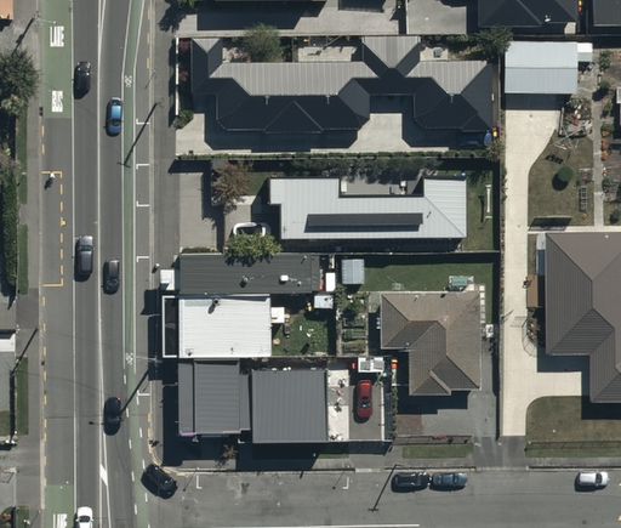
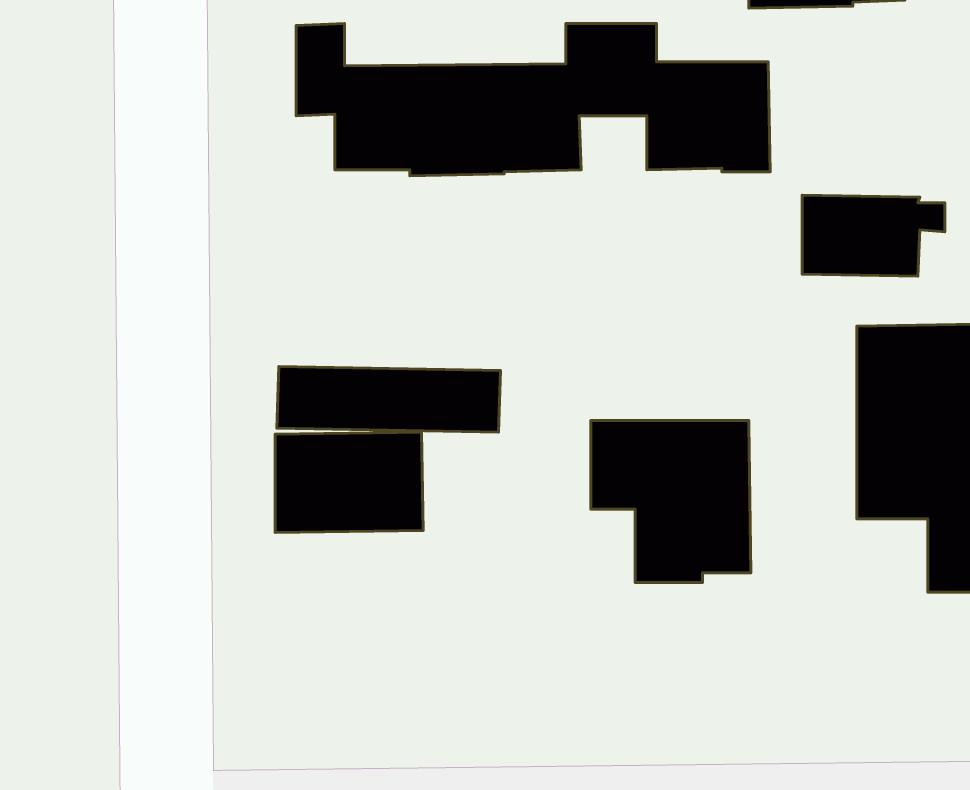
building: [502,39,592,90] -> [802,195,945,276]
building: [266,174,463,233] -> none
building: [180,362,329,445] -> none

